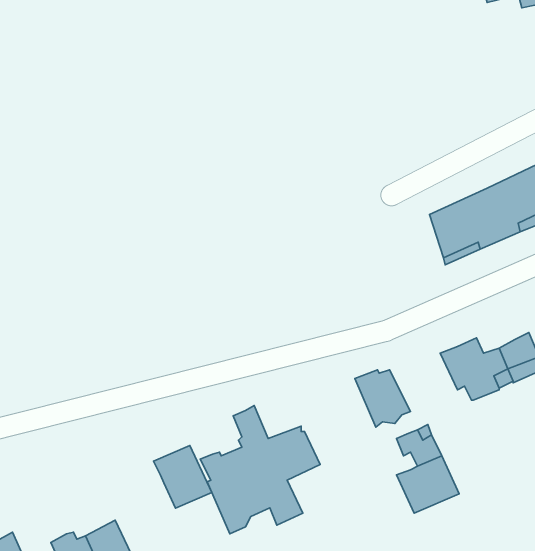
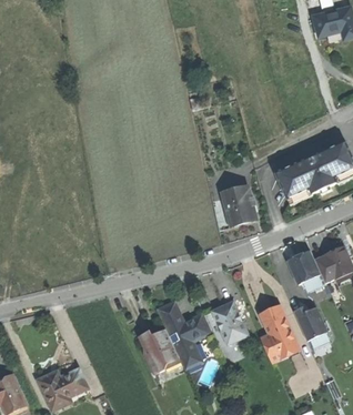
building: none -> [222,185,254,223]
building: [355,370,410,427] -> [211,303,246,340]
building: none -> [293,306,326,340]
building: [153,446,212,508] -> none

